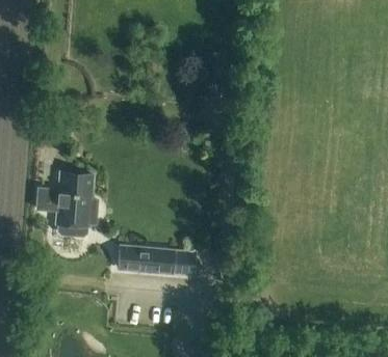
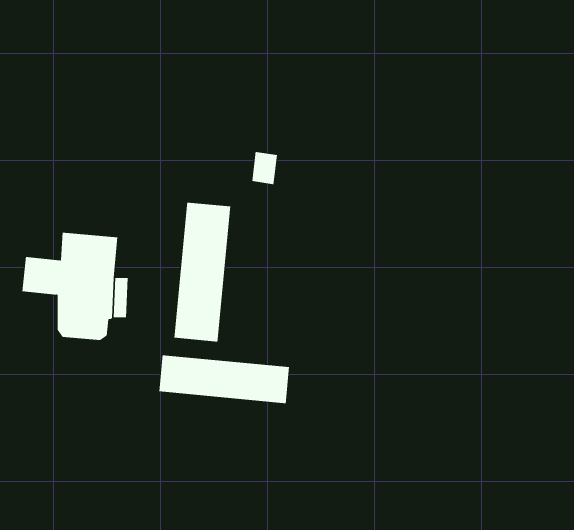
building: none -> [174,202,231,343]

